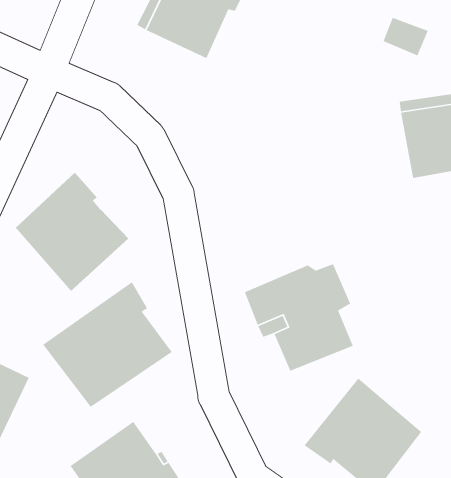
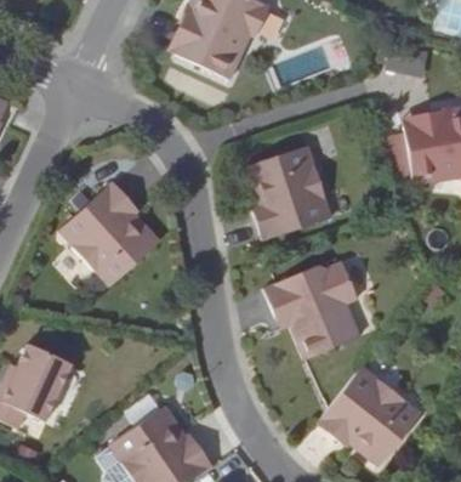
building: none -> [244,146,334,242]
building: [42,281,173,408] -> none

